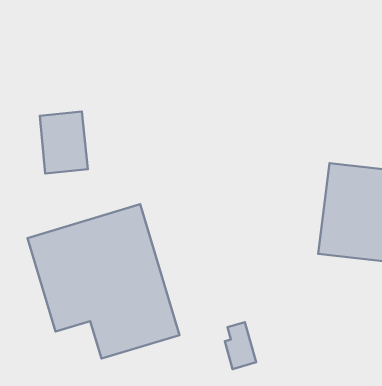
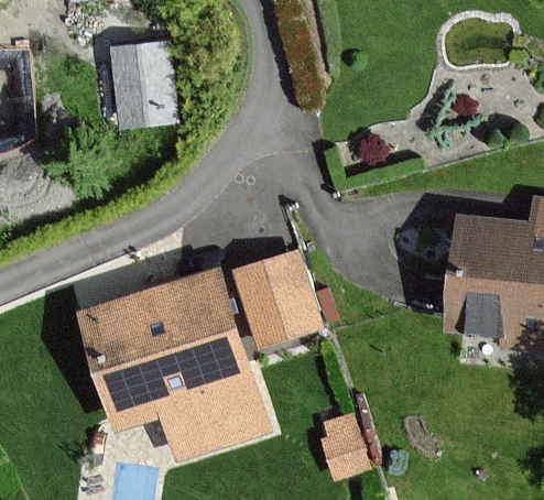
building: [40,111,88,173] -> [117,45,177,123]
building: none -> [230,250,319,350]

